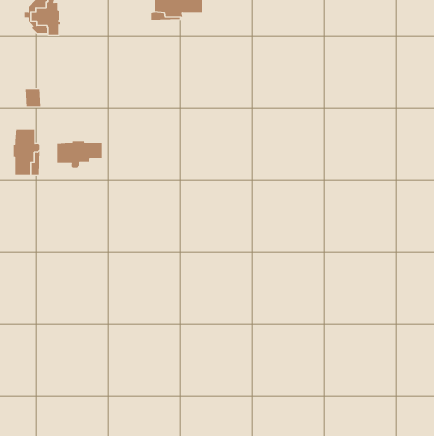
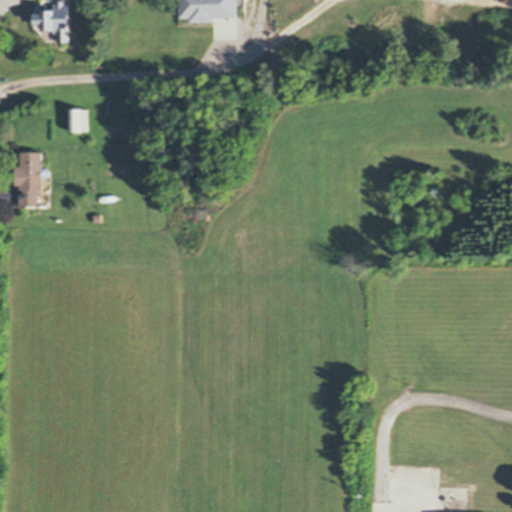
building: [25,89,41,107] -> [66,109,85,130]
building: [57,141,102,169] -> none

